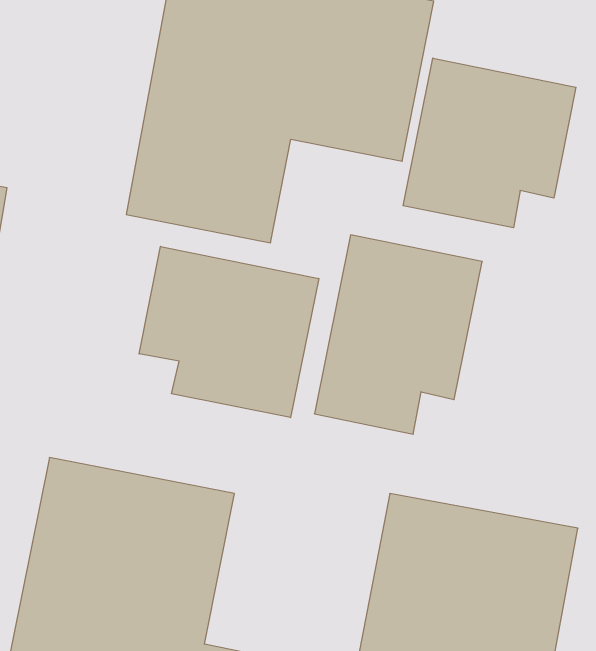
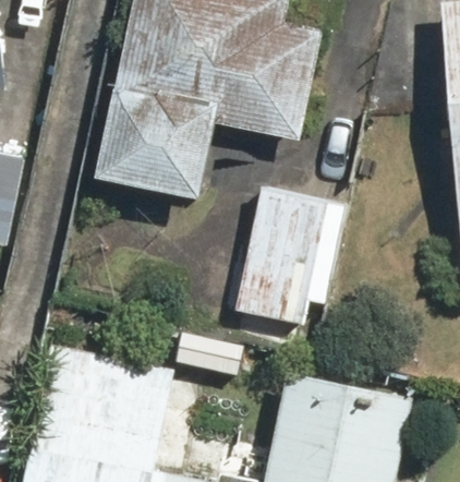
building: [403,58,576,228] -> none
building: [139,246,319,418] -> none

